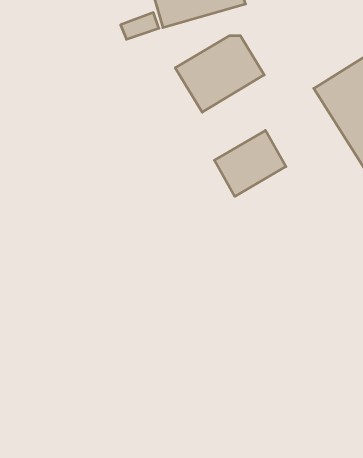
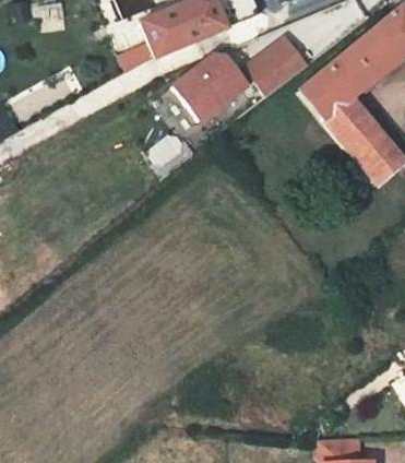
building: [214,130,286,196] -> [246,34,309,95]

